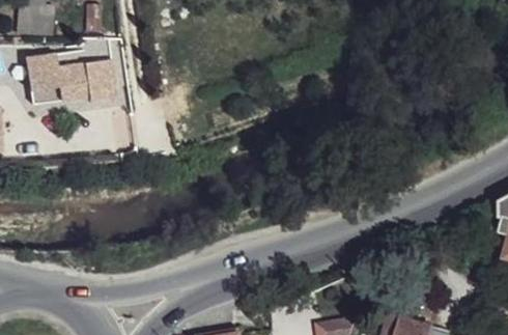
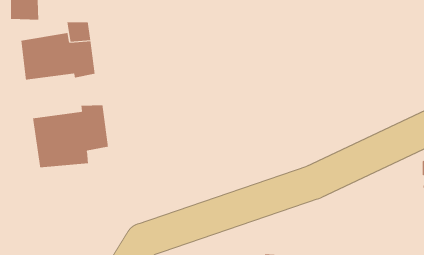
building: none -> [33,104,108,168]

